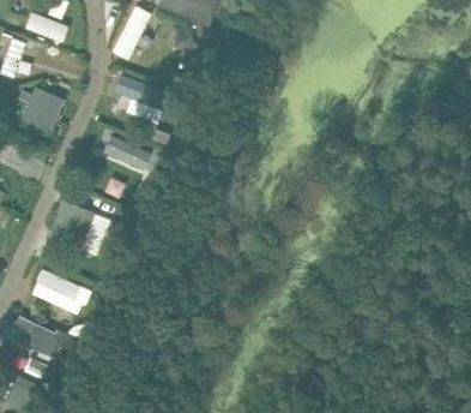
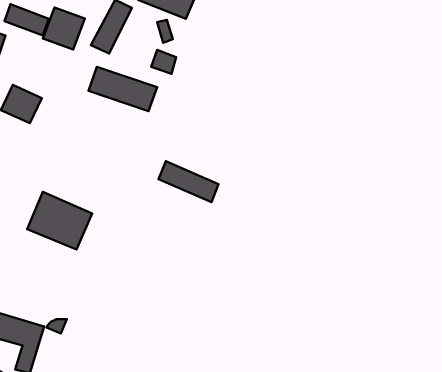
building: none -> [43,7,85,49]
building: [95,132,155,173] -> [159,161,219,202]
building: [31,271,89,312] -> none

